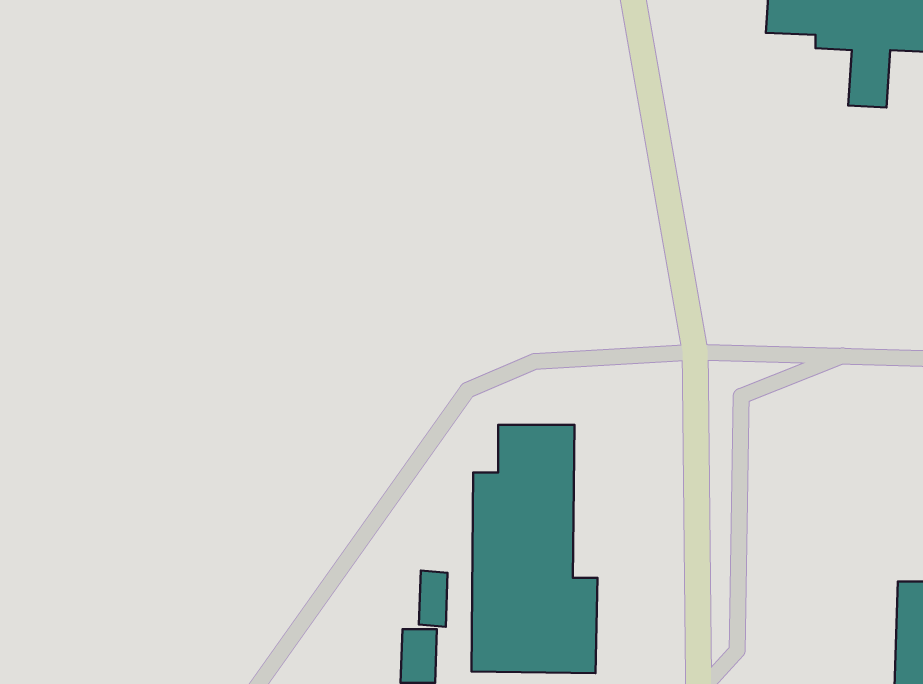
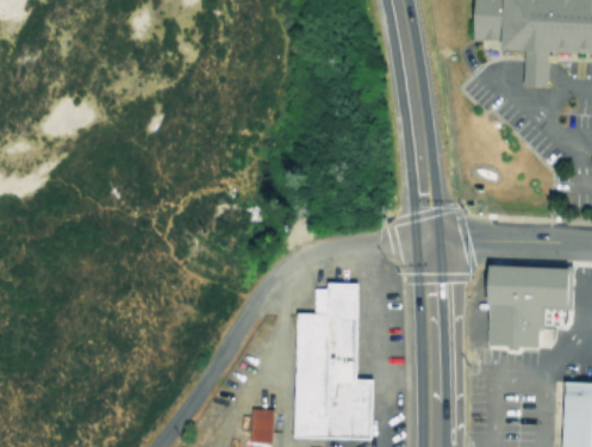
building: none -> [482,266,569,350]
building: [419,571,448,627] -> none

